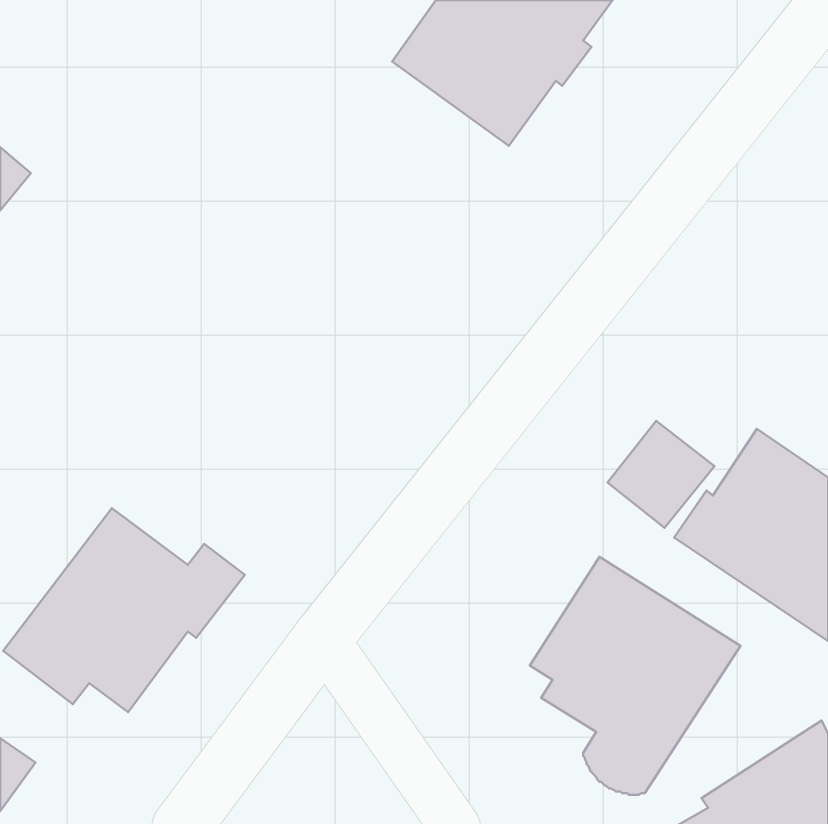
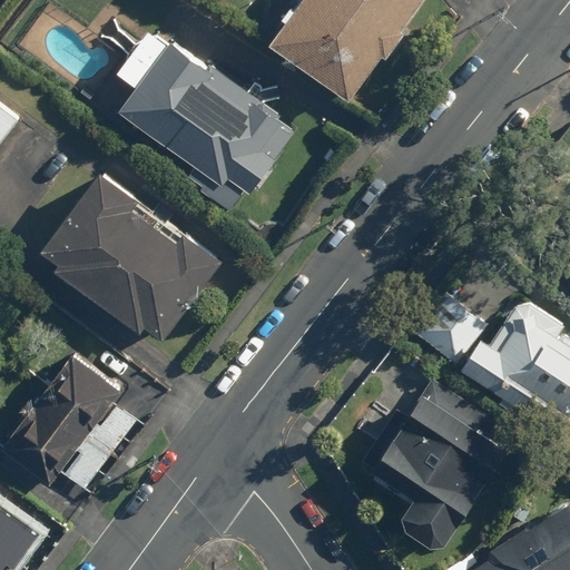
building: none -> [105,23,298,212]
building: none -> [40,171,220,342]

